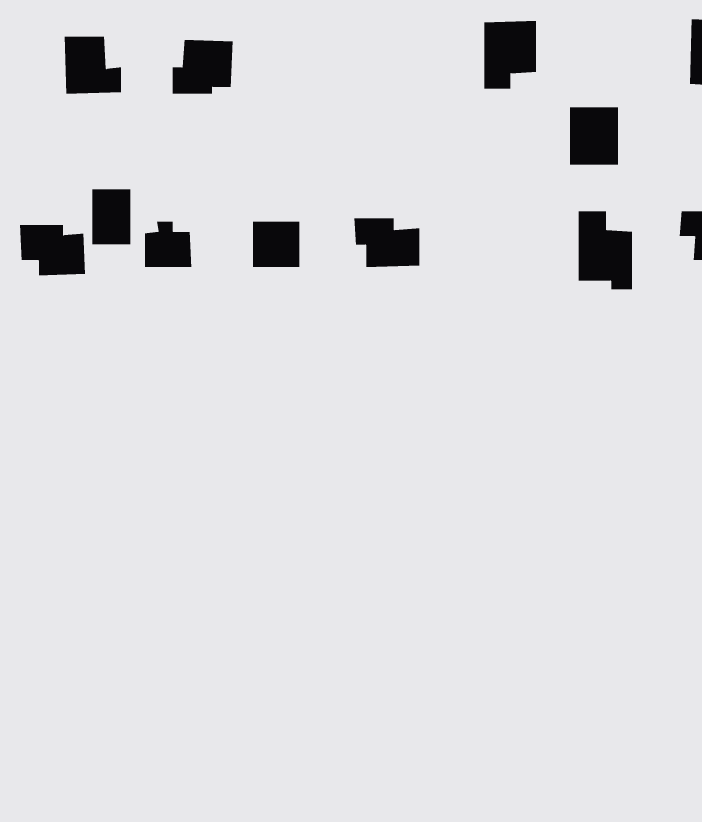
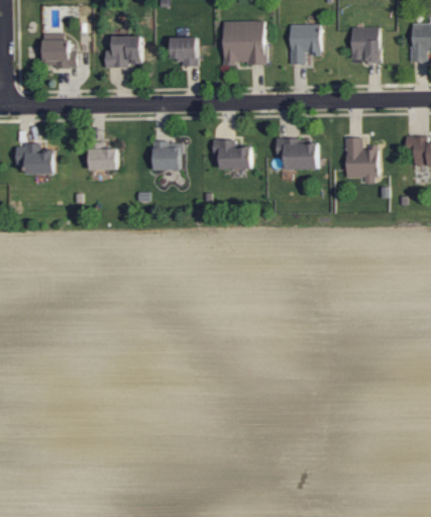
building: none -> [222,21,265,64]
building: none -> [171,37,197,67]
building: [569,107,619,165] -> [350,27,380,62]
building: [92,188,131,245] -> none
building: none -> [276,139,317,170]

